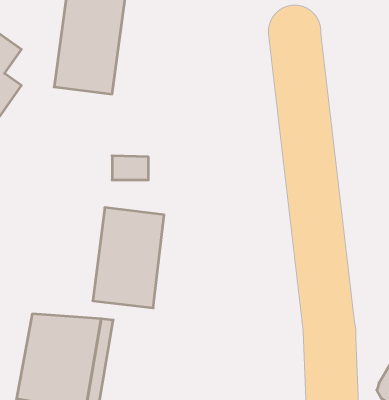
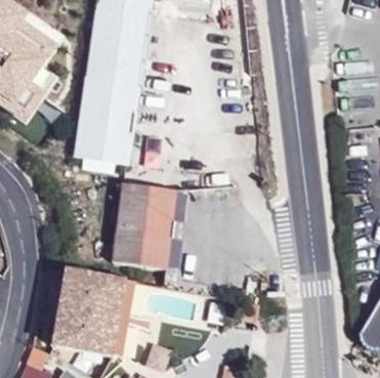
building: none -> [75,80,134,162]

